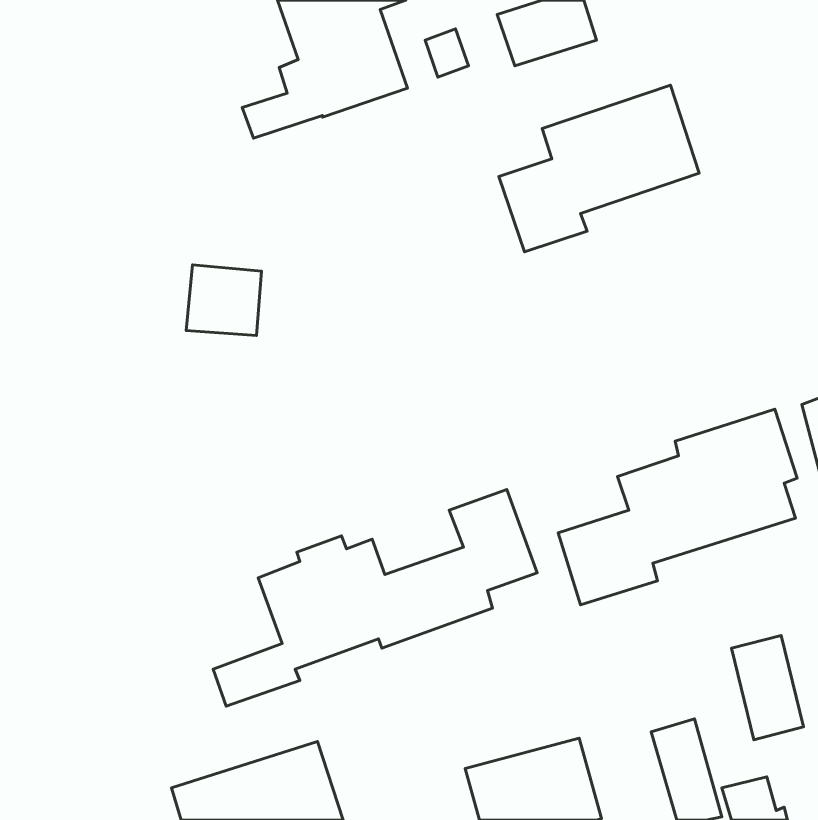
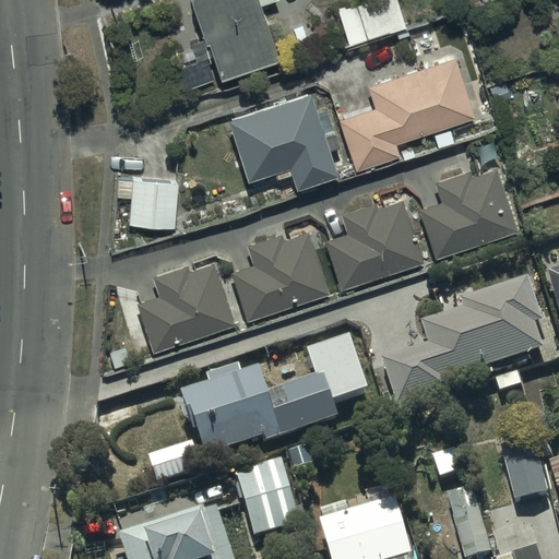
building: none -> [229,93,338,190]
building: none -> [421,169,518,259]
building: none -> [325,200,423,288]
building: none -> [233,233,330,321]
building: none -> [136,264,236,355]
building: none -> [235,457,300,534]

